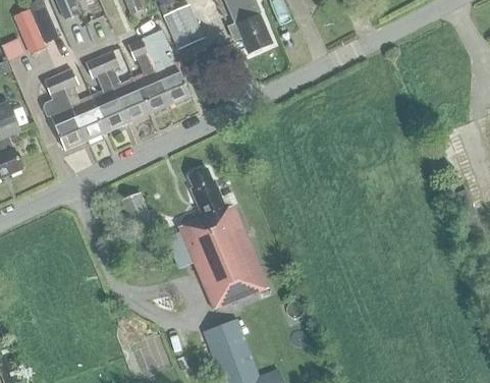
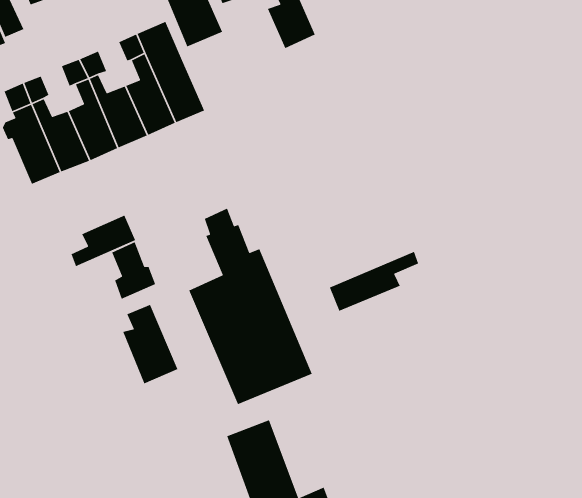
building: none -> [70,215,136,267]
building: none -> [329,251,419,312]
building: none -> [122,304,179,384]

